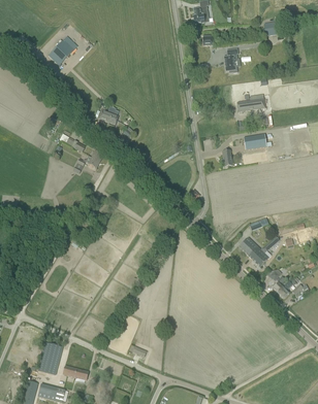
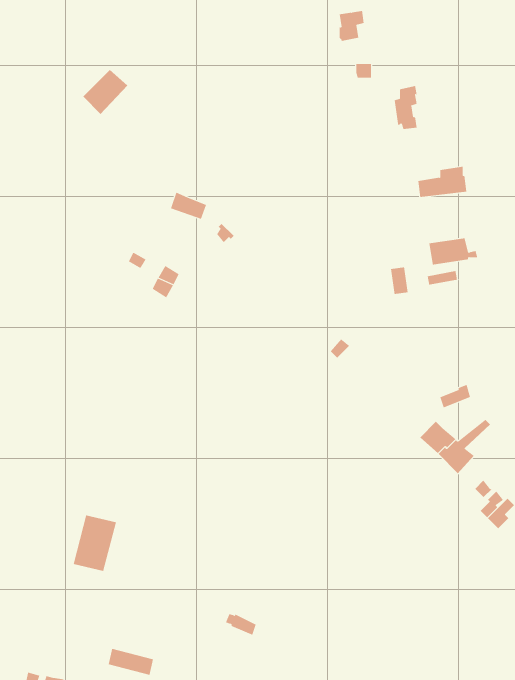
building: [37,342,62,374] -> [73,515,117,572]

